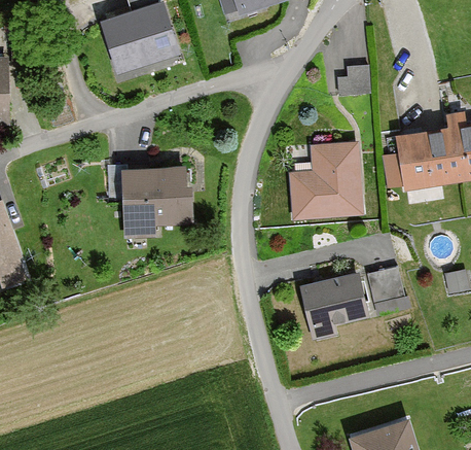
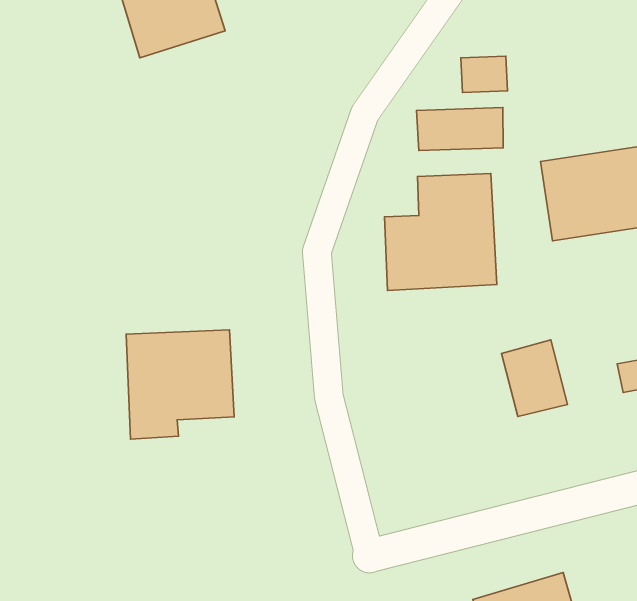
building: none -> [417,108,503,151]
building: [119,165,193,240] -> [126,330,234,439]
building: [299,274,369,336] -> none

